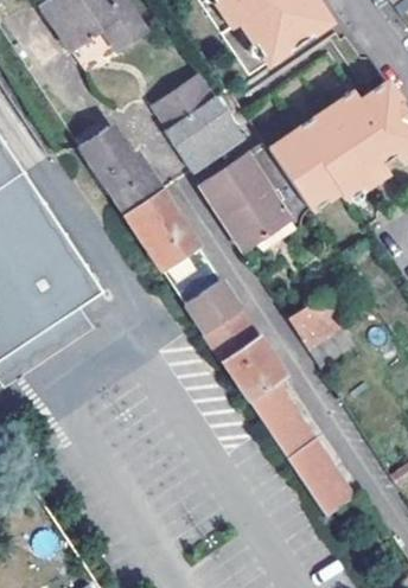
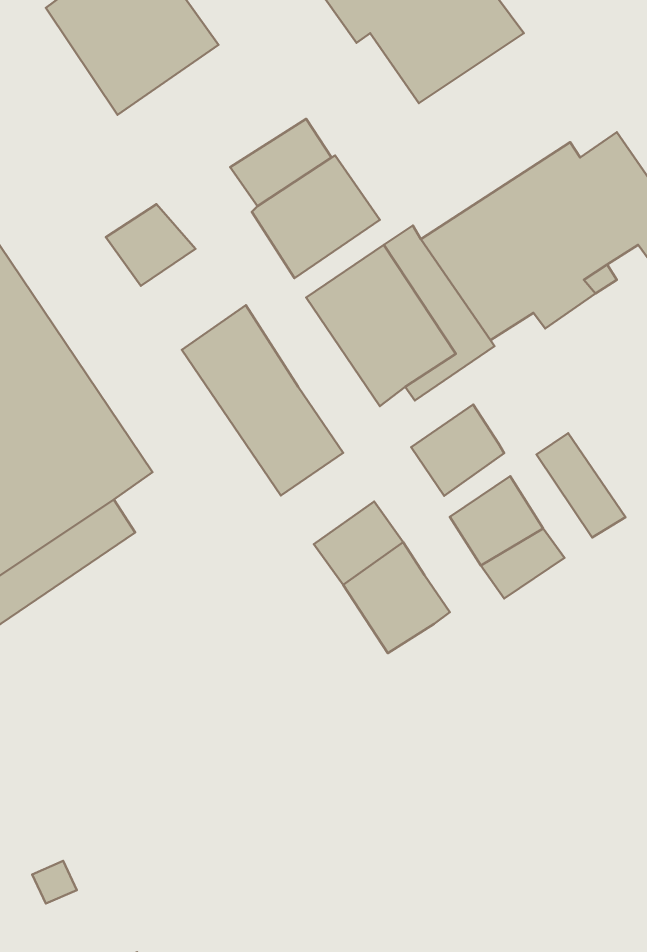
building: [97,151,161,216] -> none
building: none -> [537,433,626,537]
building: [183,279,240,334] -> [411,405,504,496]
building: [248,383,353,514] -> none

